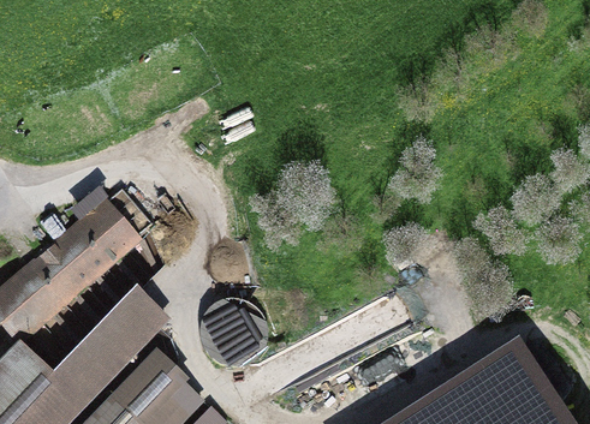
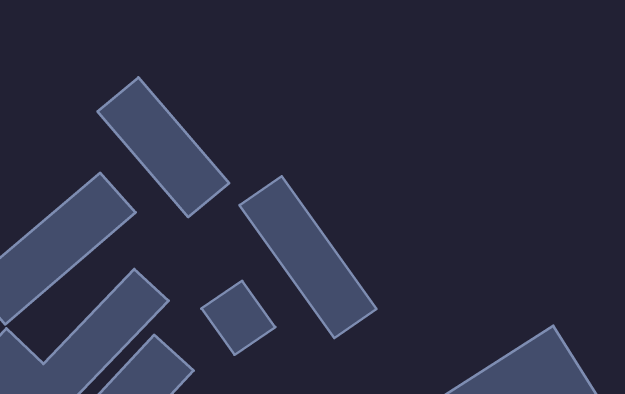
building: none -> [98,77,229,217]
building: none -> [240,176,376,338]

